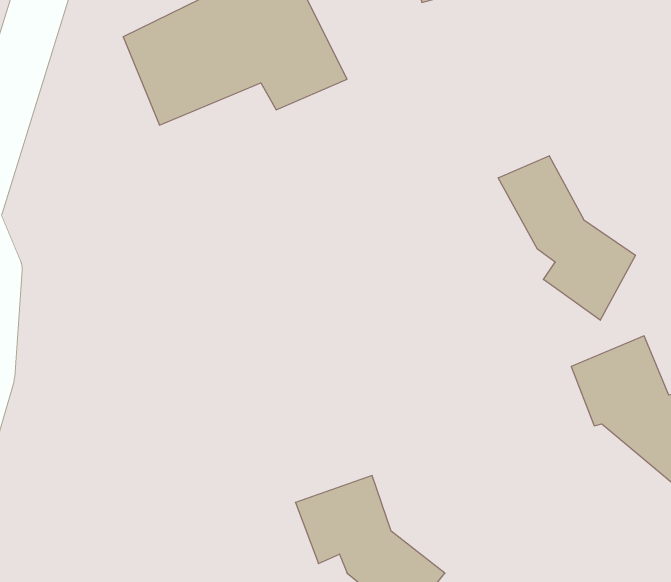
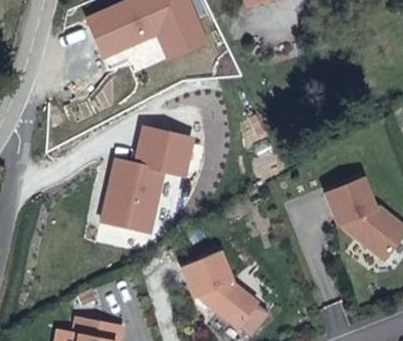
building: [498,156,635,320] -> none
building: none -> [102,129,194,230]

